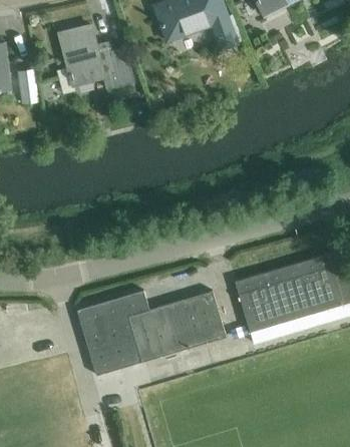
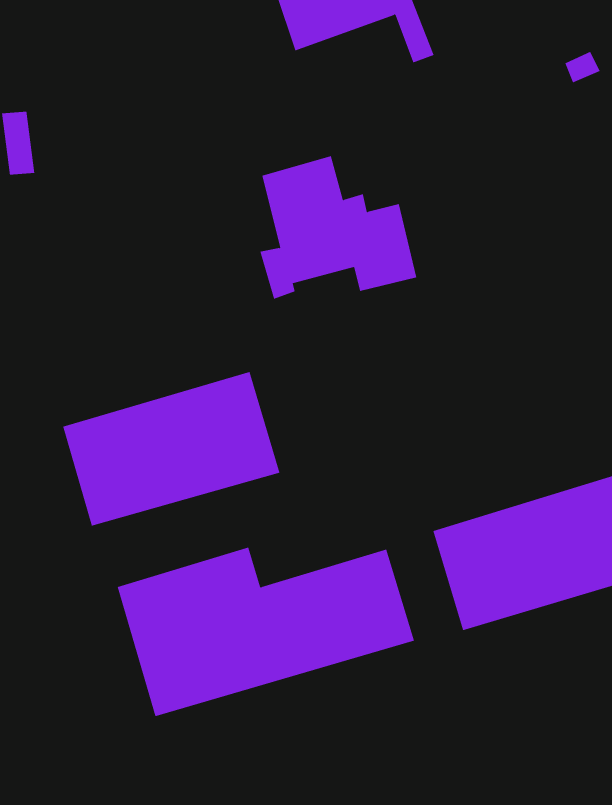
building: [56,22,135,94] -> [259,156,417,300]
building: none -> [62,371,280,526]

